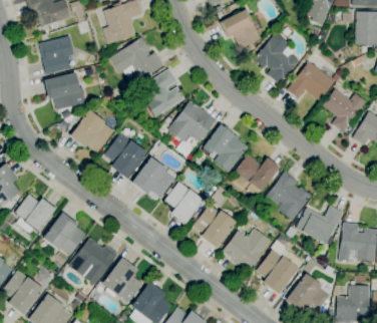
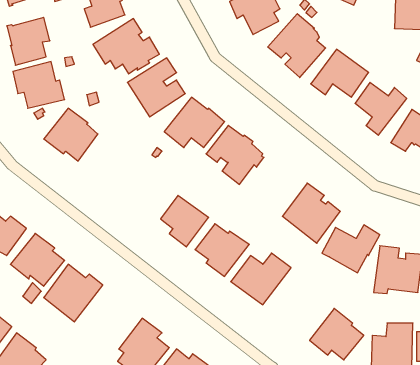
building: [103,133,147,180] -> none
building: [234,154,279,192] -> none
building: [131,157,177,199] -> none
building: [256,249,303,294] -> none
building: [101,258,142,303] -> none

